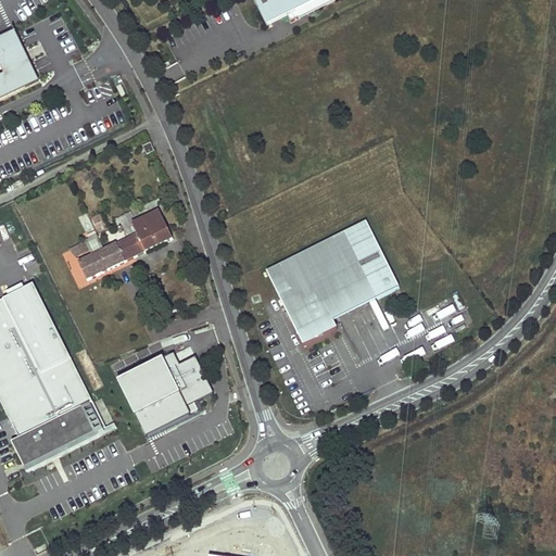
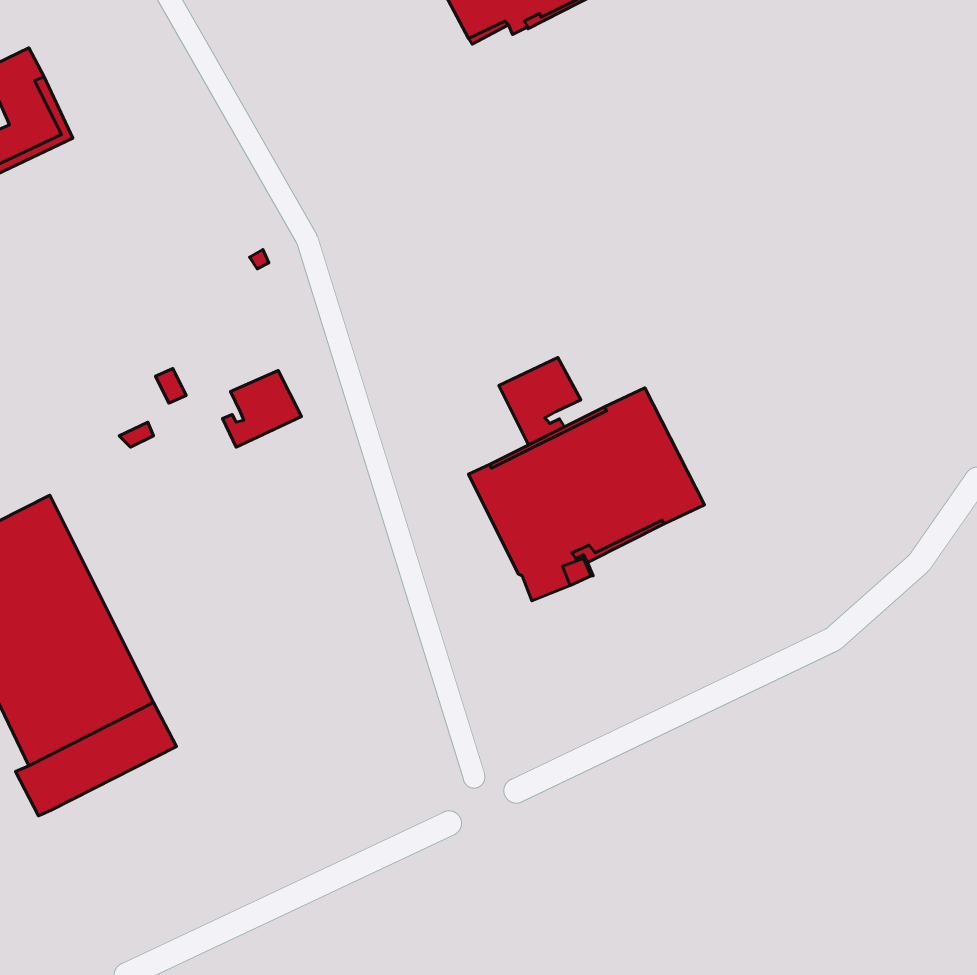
building: none -> [499,357,581,445]
building: [77,237,134,277] -> none
building: [118,351,214,432] -> none

